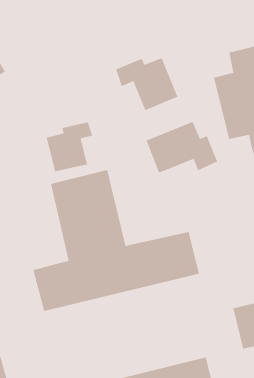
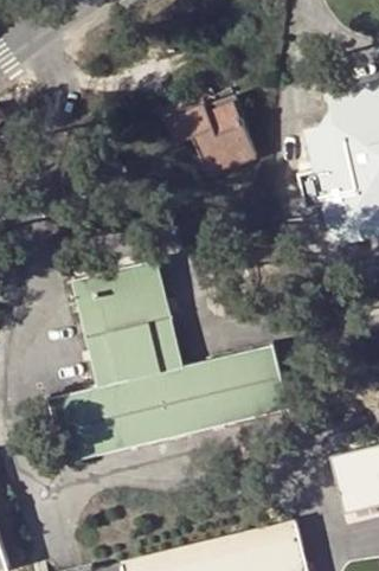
building: [146,121,218,174] -> none
building: [46,121,93,172] -> none

